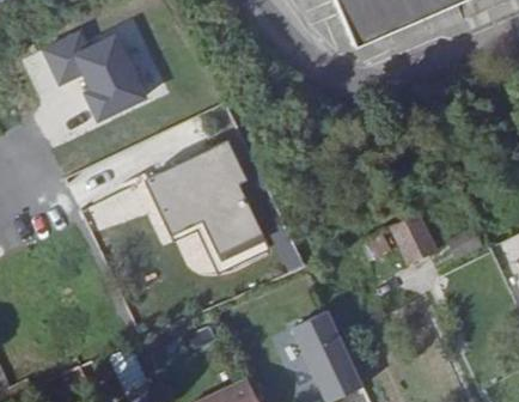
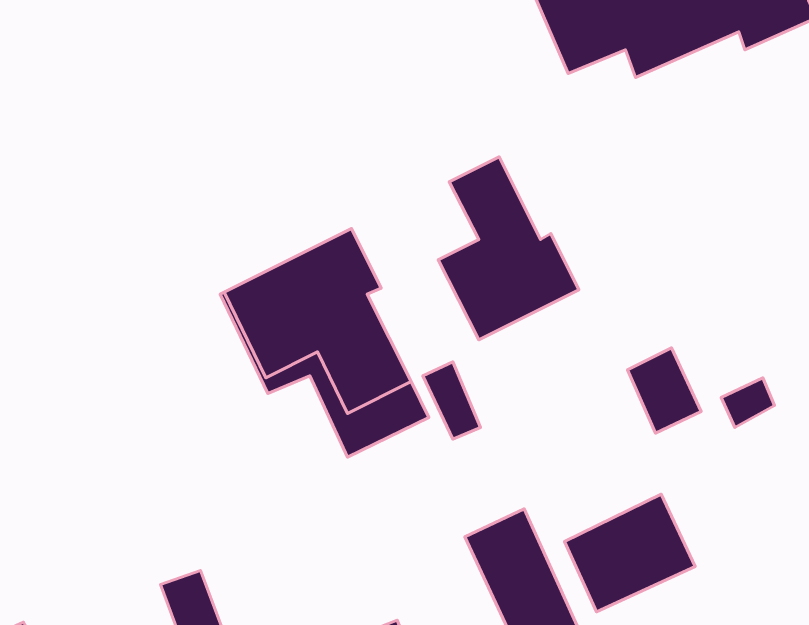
building: [44,31,146,118] -> none
building: none -> [438,157,579,340]
building: none -> [564,494,695,612]

